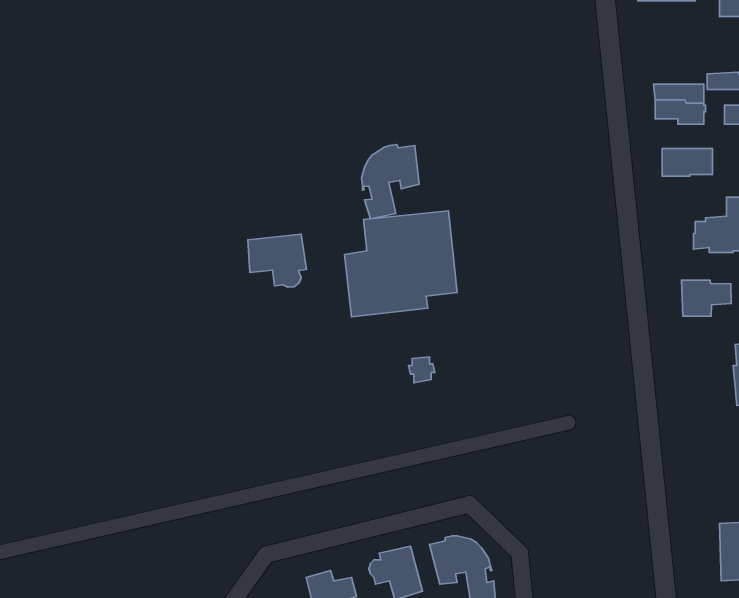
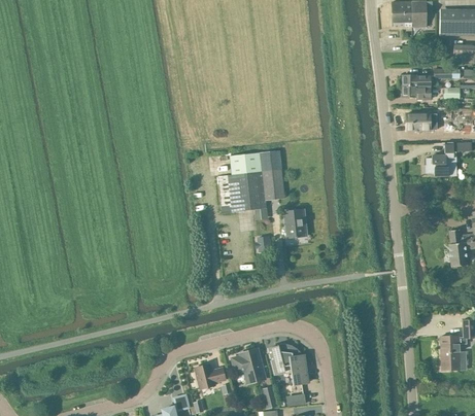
building: [362,145,419,219] -> none
building: [248,234,307,287] -> none
building: [682,280,731,316] -> none
building: none -> [285,209,305,237]

